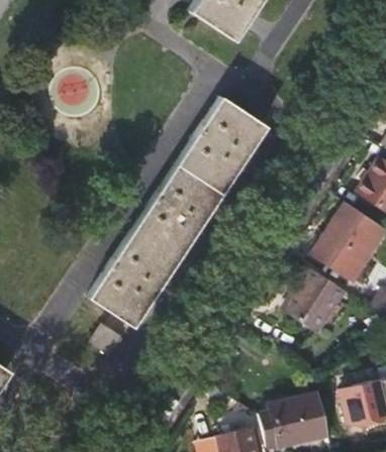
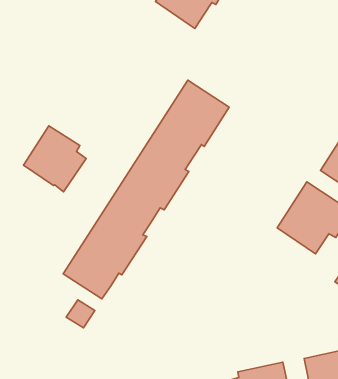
building: none -> [24,126,86,192]
building: [282,265,346,331] -> none

